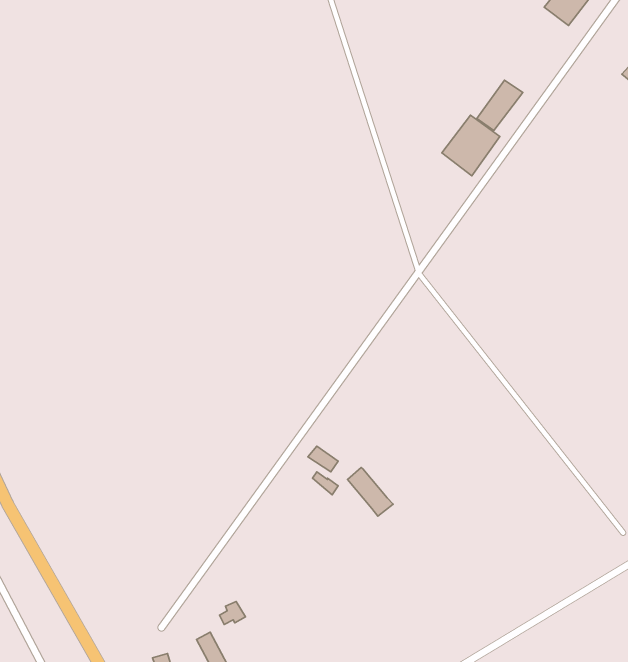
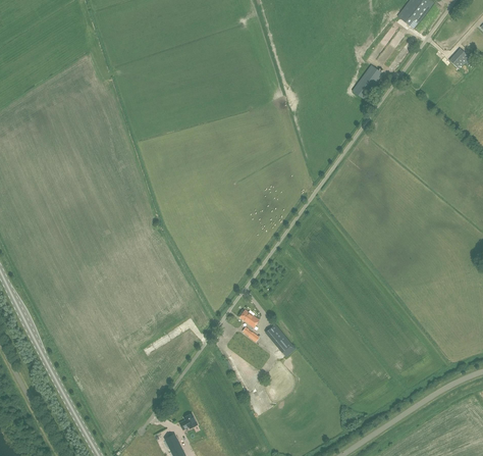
building: [442,115,500,176] -> none

